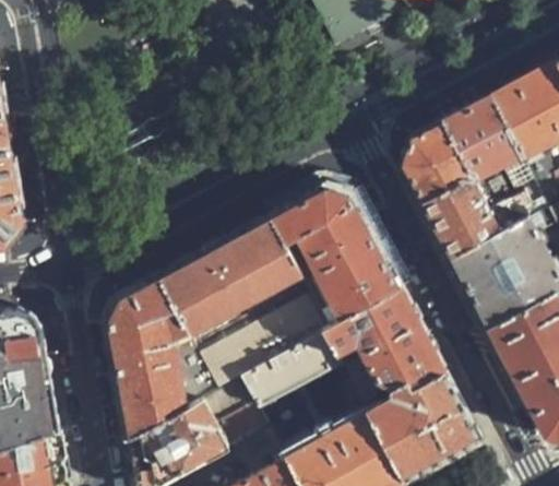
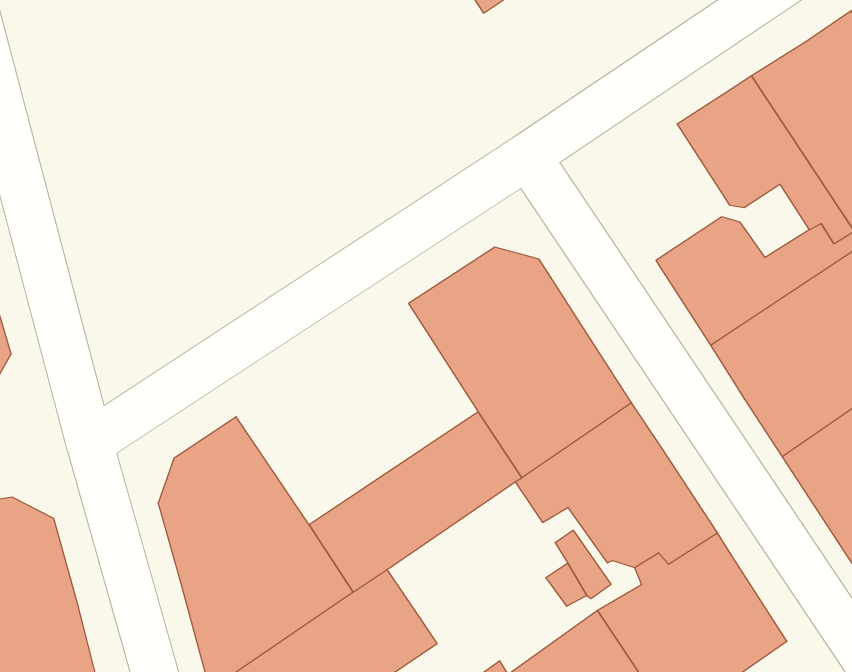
building: [403,122,518,209] -> none
building: [158,216,306,345] -> none
building: [241,331,342,411] -> none

